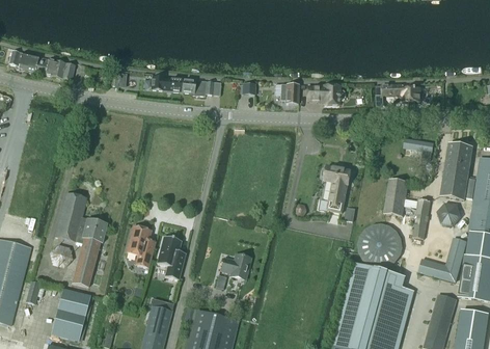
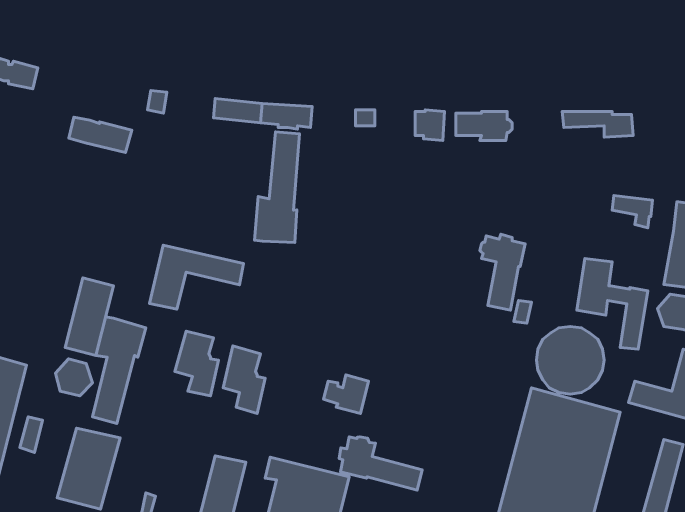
building: [35,56,76,79] -> [69,117,132,153]
building: none -> [254,132,299,243]
building: none -> [150,245,244,309]
building: none -> [339,437,422,490]

